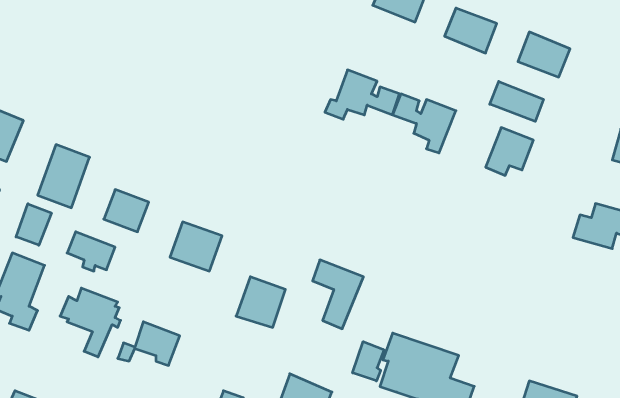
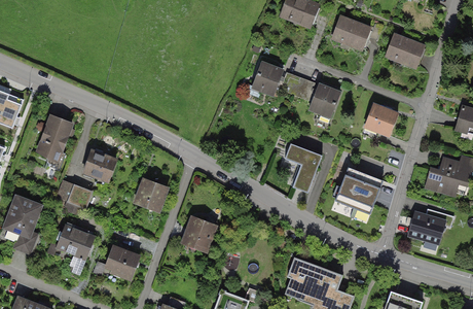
building: [490,81,543,121] -> none
building: [16,204,51,245] -> none
building: none -> [332,164,385,216]
building: [313,260,363,329] -> [285,141,322,192]
building: none -> [407,212,453,245]
building: [353,342,384,381] -> none

